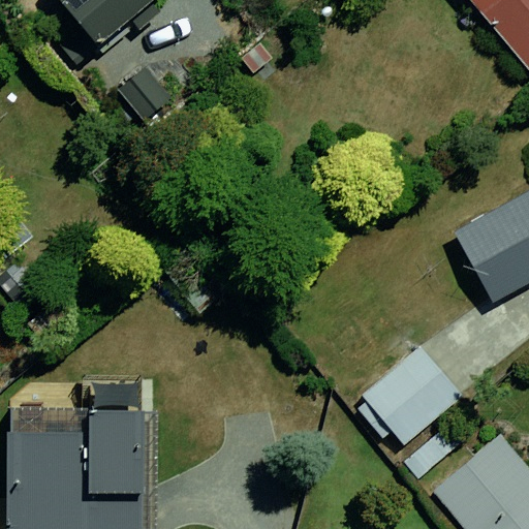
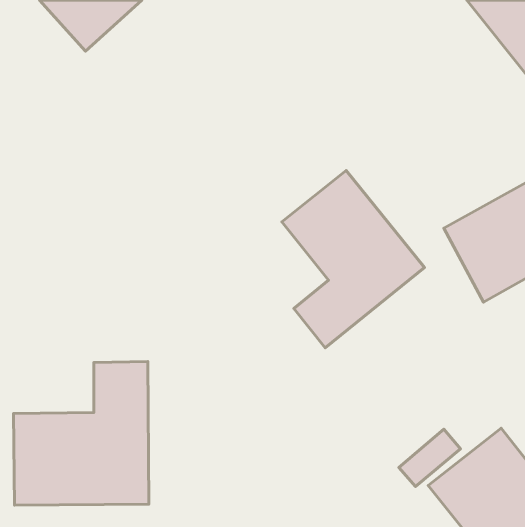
building: none -> [282,171,424,348]
building: [346,345,466,460] -> none

